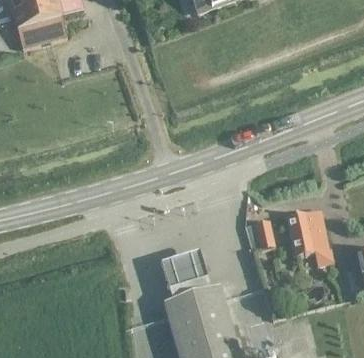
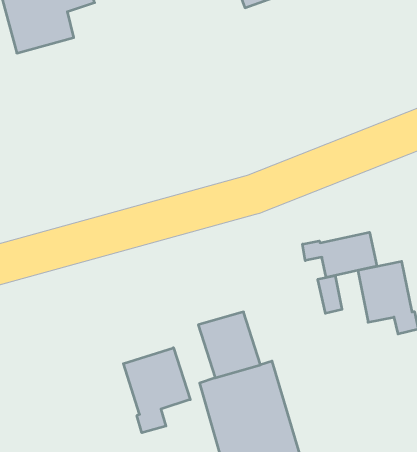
building: none -> [303,232,377,277]
building: none -> [123,348,190,433]

